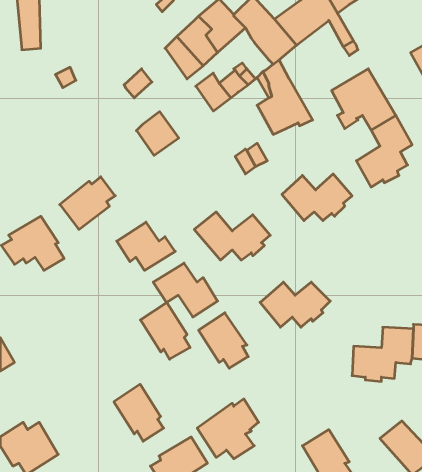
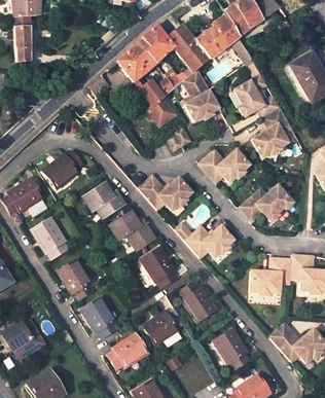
building: [136,112,179,155] -> [147,96,177,126]
building: none -> [239,185,292,221]
building: none -> [31,218,68,258]
building: [140,302,190,359] -> [58,259,93,299]
building: none -> [180,282,216,322]

